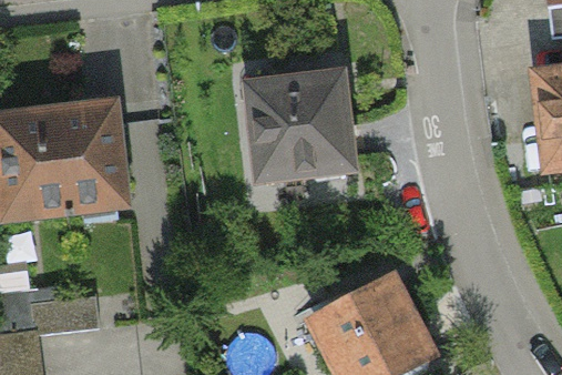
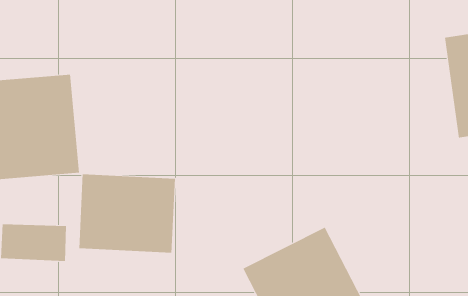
building: [241,70,354,180] -> none
building: none -> [79,174,175,253]

